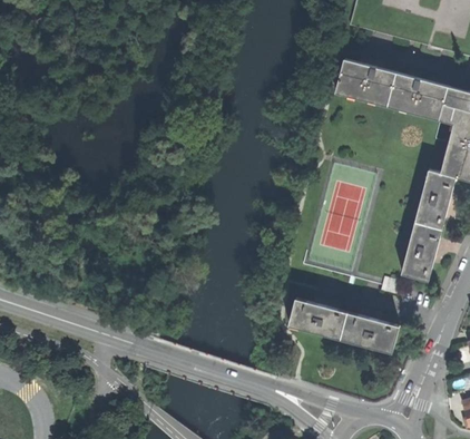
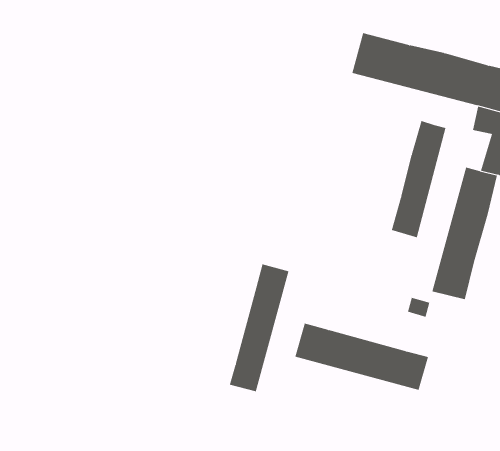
building: none -> [391,120,446,238]
building: none -> [229,264,289,392]

